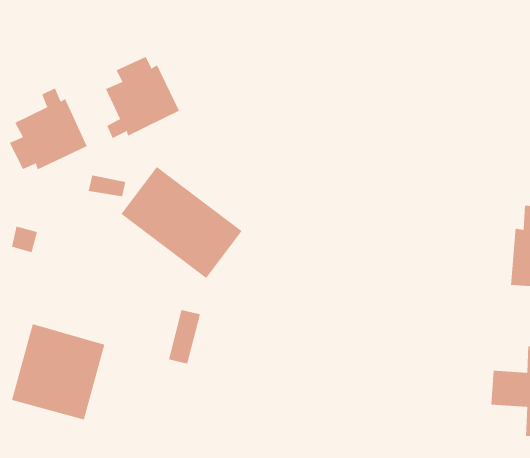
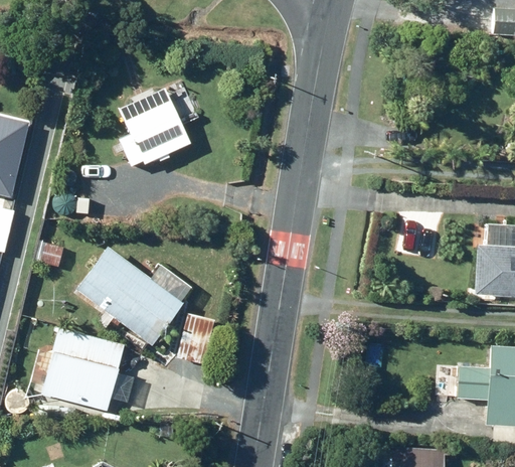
building: [9,88,88,170] -> none
building: [120,166,242,279] -> [75,248,181,345]

